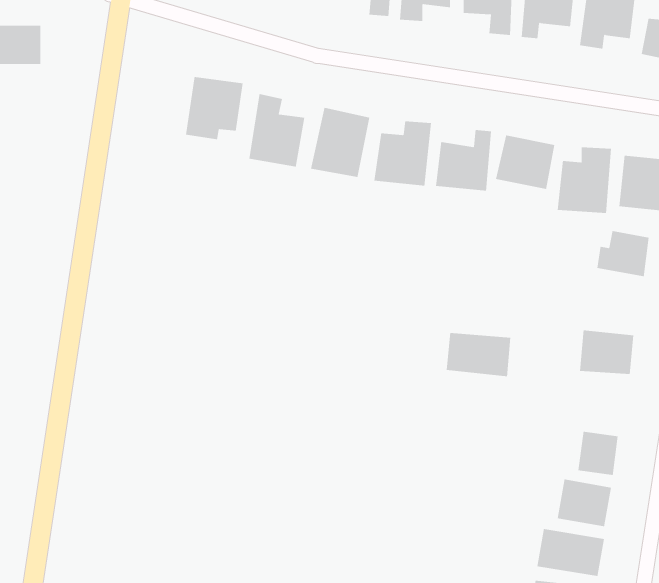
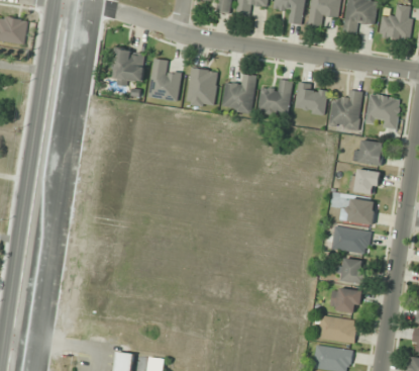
building: none -> [349,170,379,194]
building: [446,332,511,377] -> [331,227,370,254]

